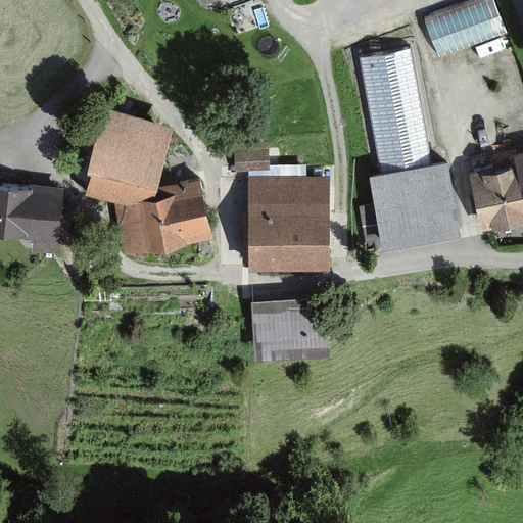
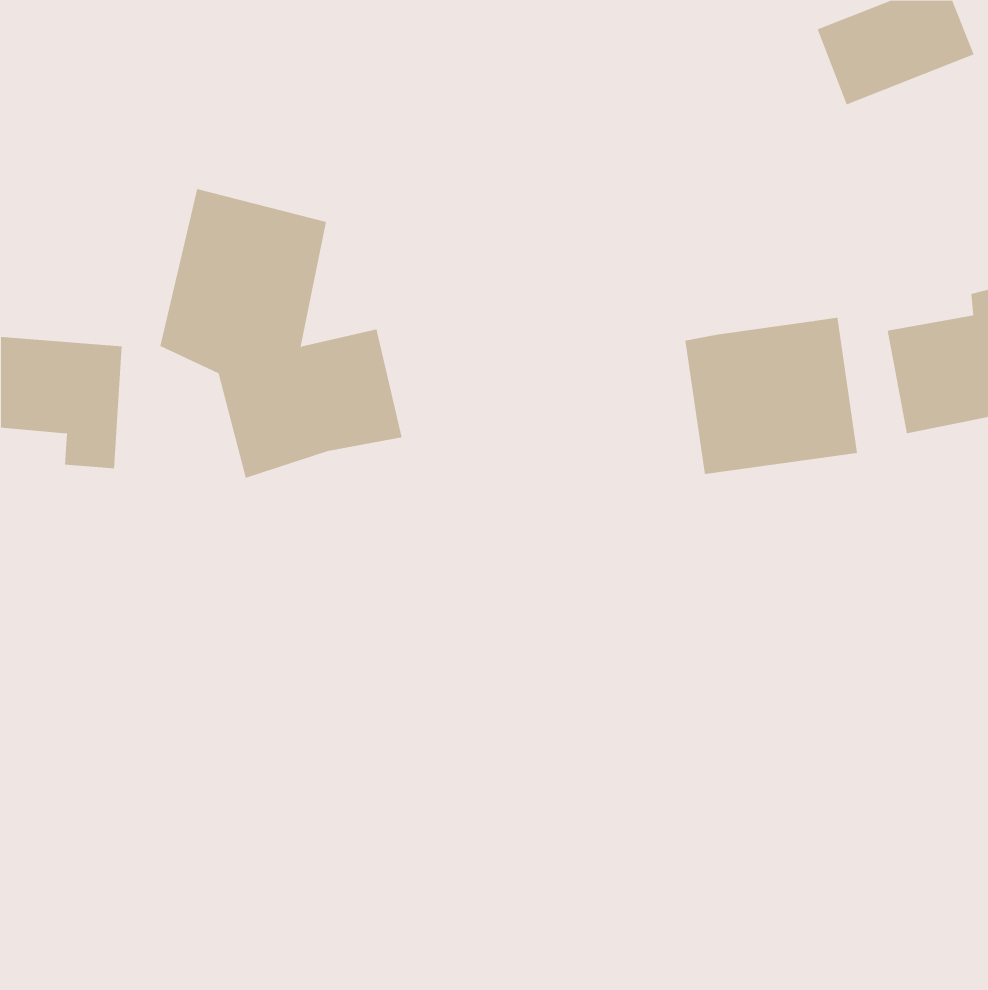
building: [363,54,430,178] -> none
building: [240,180,326,276] -> none
building: [247,304,319,353] -> none

